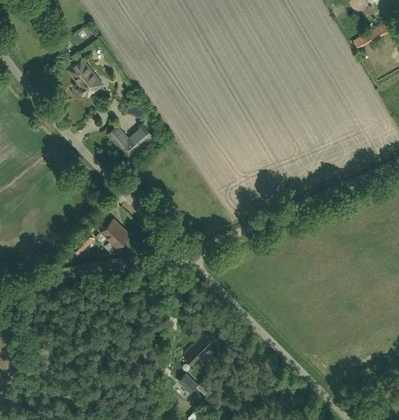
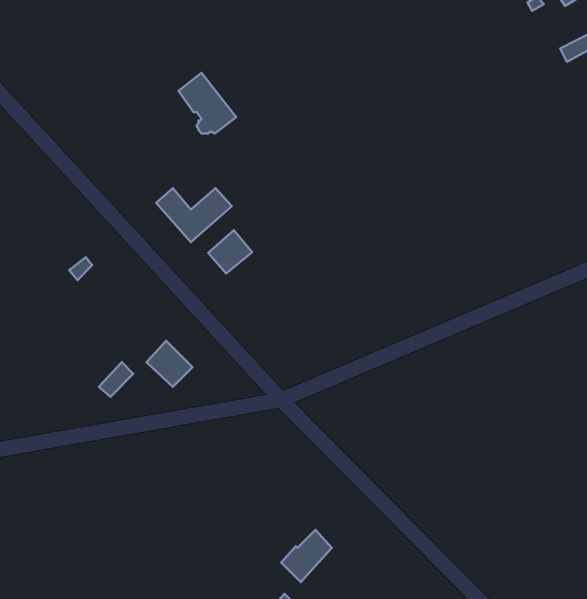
building: [67,58,102,95] -> [179,73,236,133]
building: none -> [208,230,252,274]

